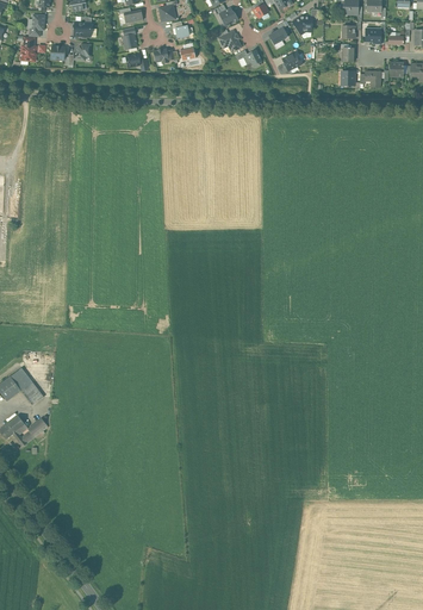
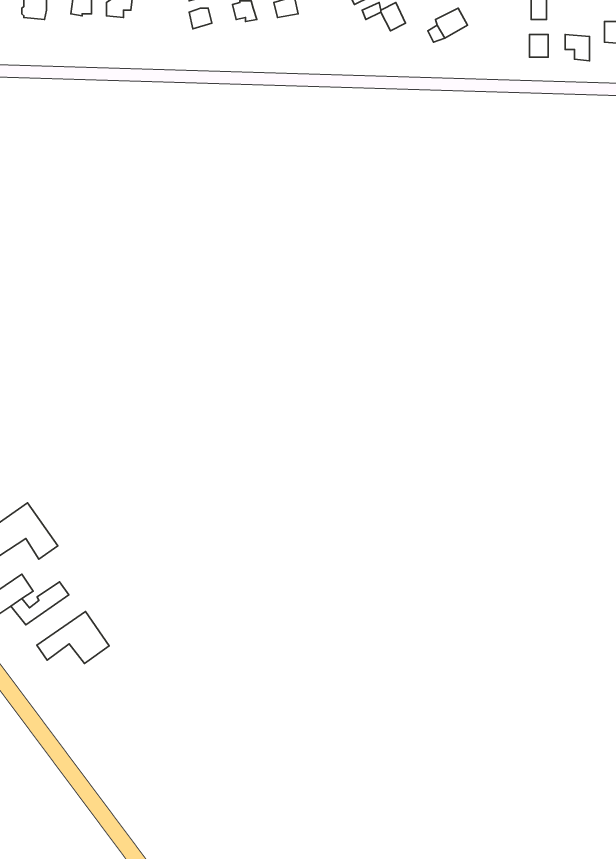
building: none -> [37,611,109,664]

